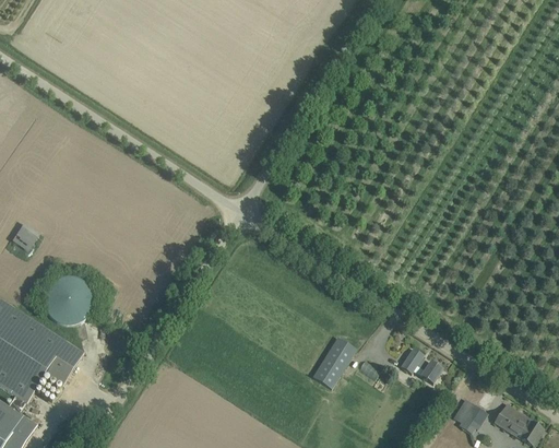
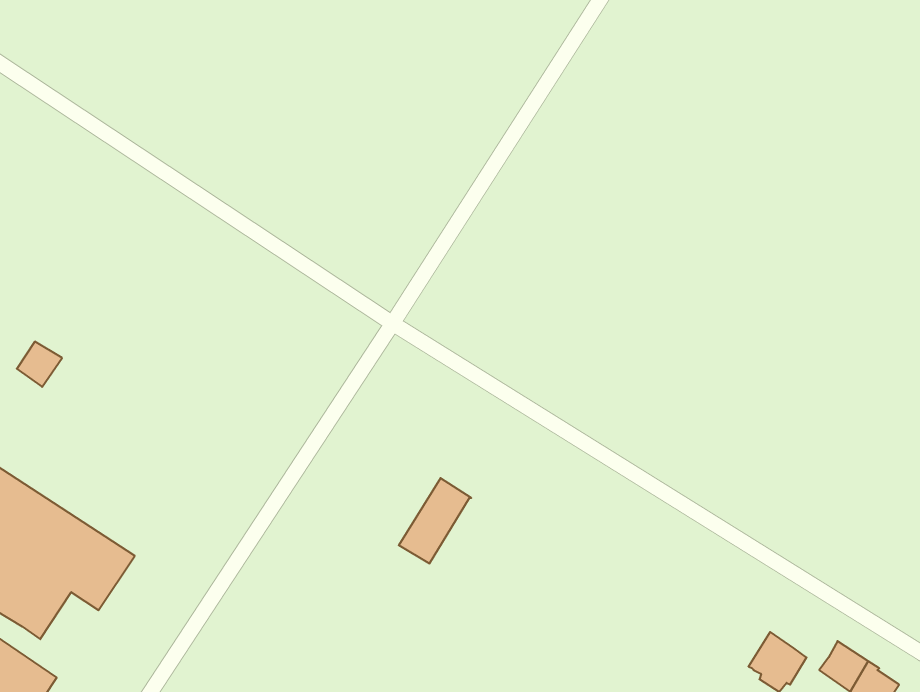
building: [43,275,93,325] -> none
building: [312,337,356,388] -> [399,478,471,563]
building: [400,347,441,384] -> none

